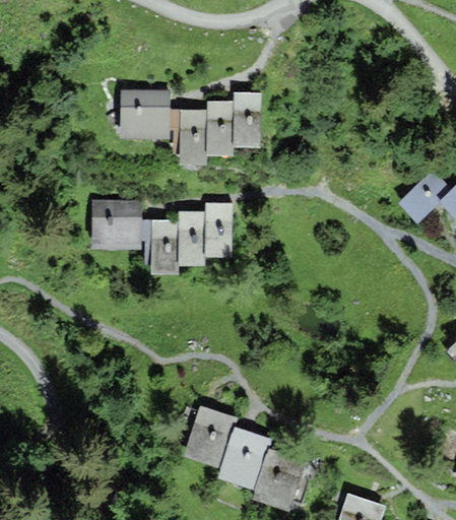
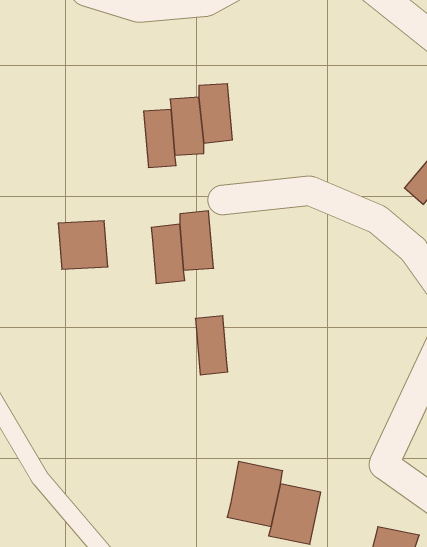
building: [124,92,166,135] -> none
building: [152,221,178,271] -> [195,316,228,375]
building: [187,407,236,463] -> none

